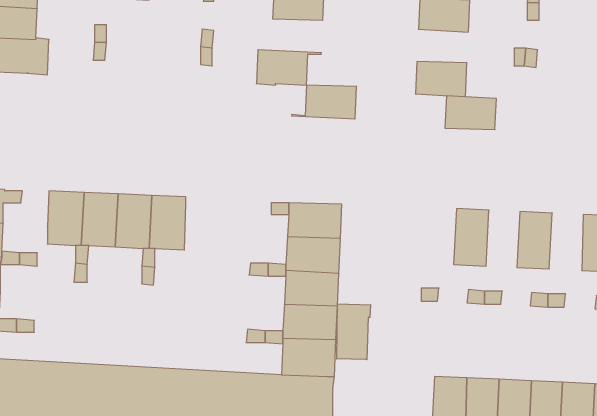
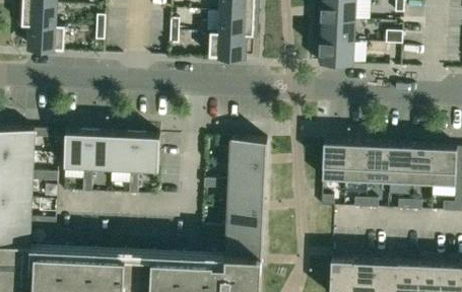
building: [292,85,357,119] -> [208,14,253,38]
building: [445,96,496,130] -> [318,21,353,45]
building: none -> [322,144,345,184]
building: none -> [366,146,389,186]
building: none -> [409,148,433,188]
building: [337,304,371,360] -> none

